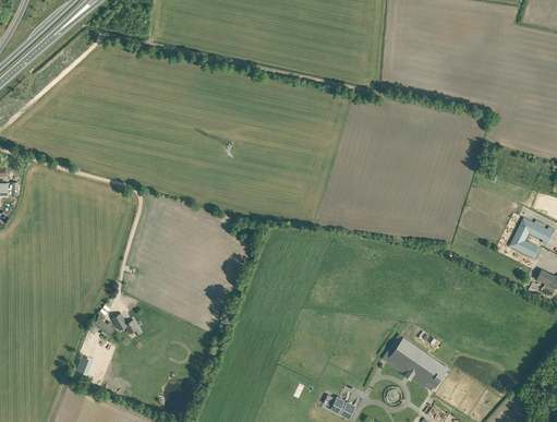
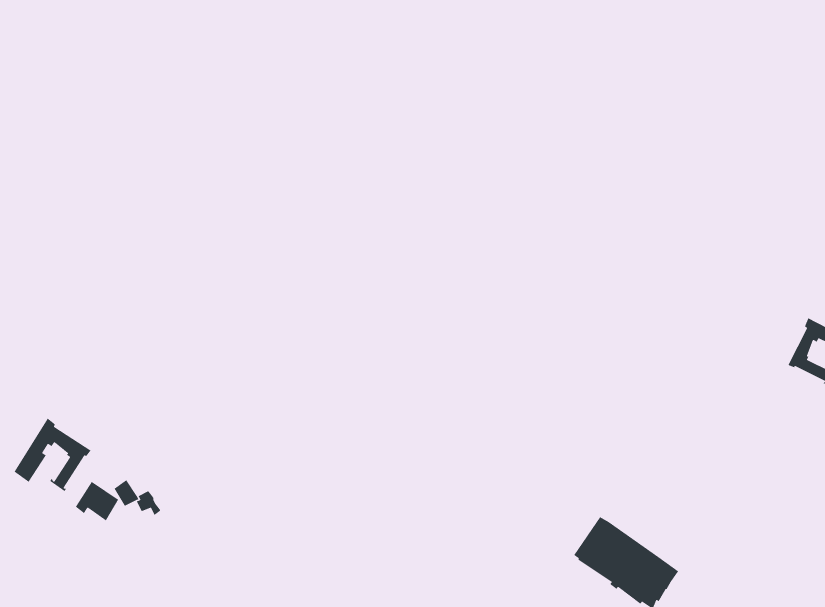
building: none -> [14,417,93,492]

